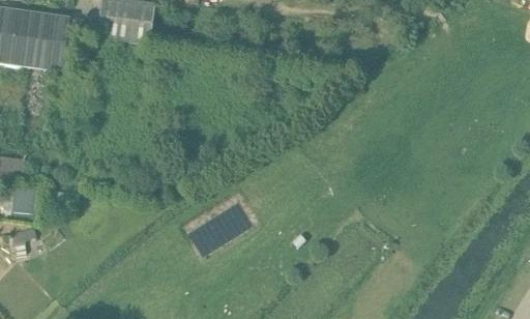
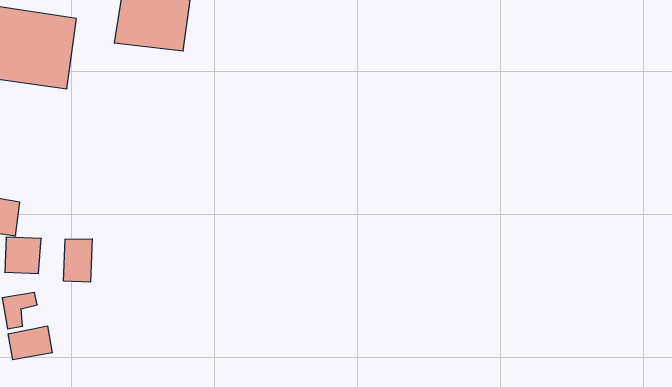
building: none -> [64,239,92,282]
building: none -> [8,326,52,360]

